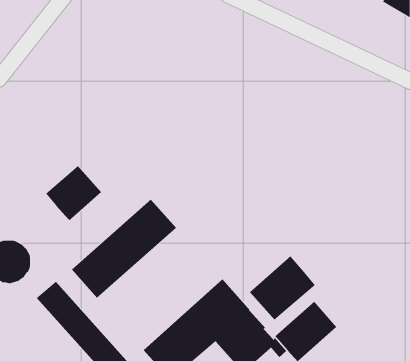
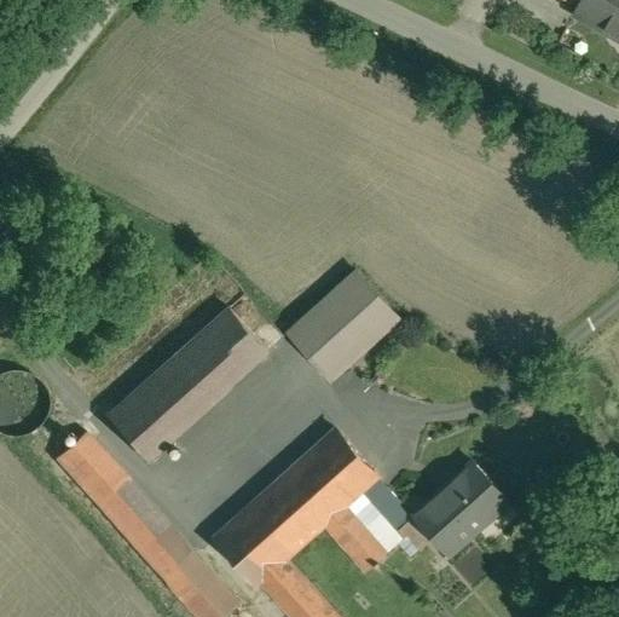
building: [45,165,102,221] -> none
building: none -> [278,267,397,384]
building: [249,256,316,321] -> none

